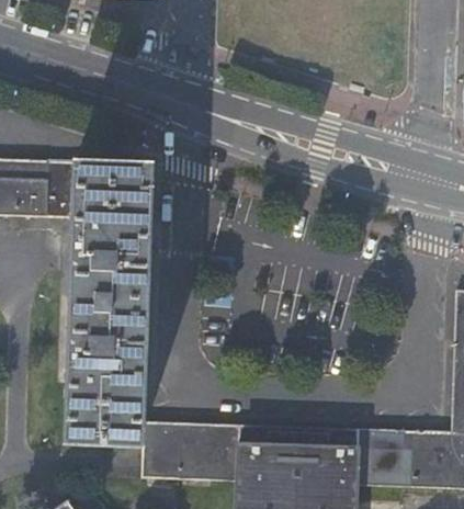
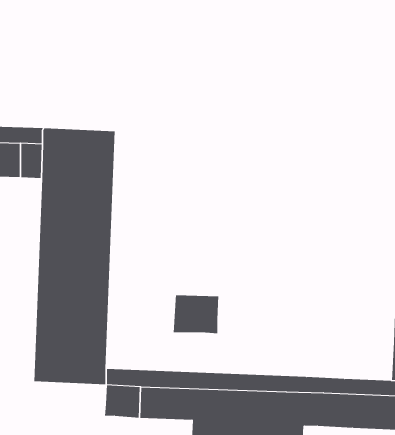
building: none -> [173,295,219,334]

